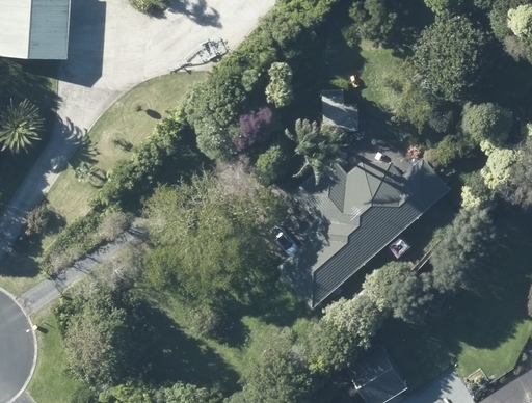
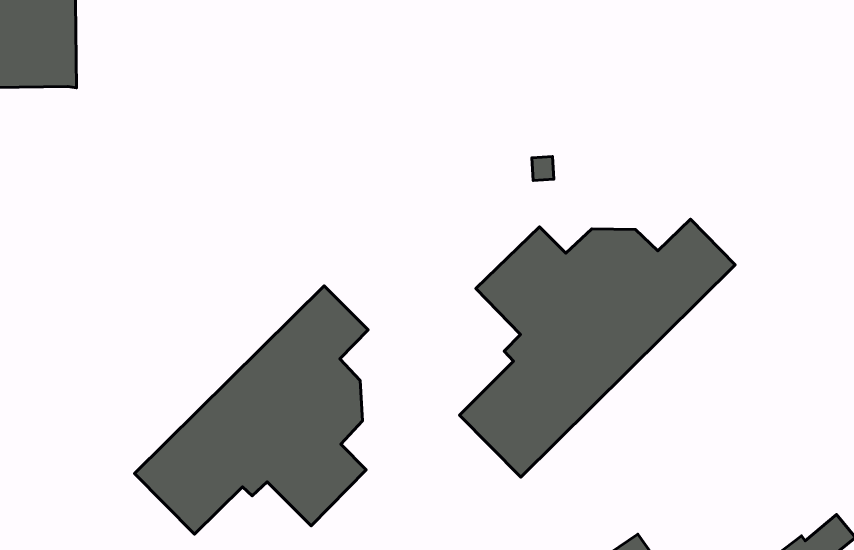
building: none -> [135,286,368,534]

